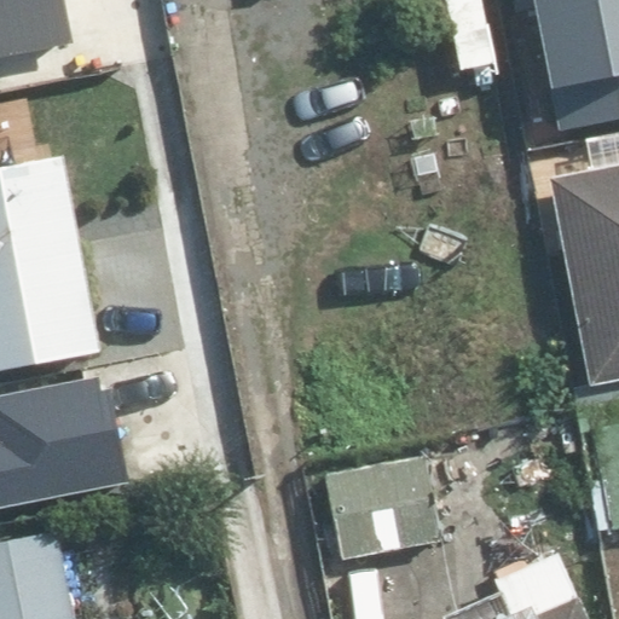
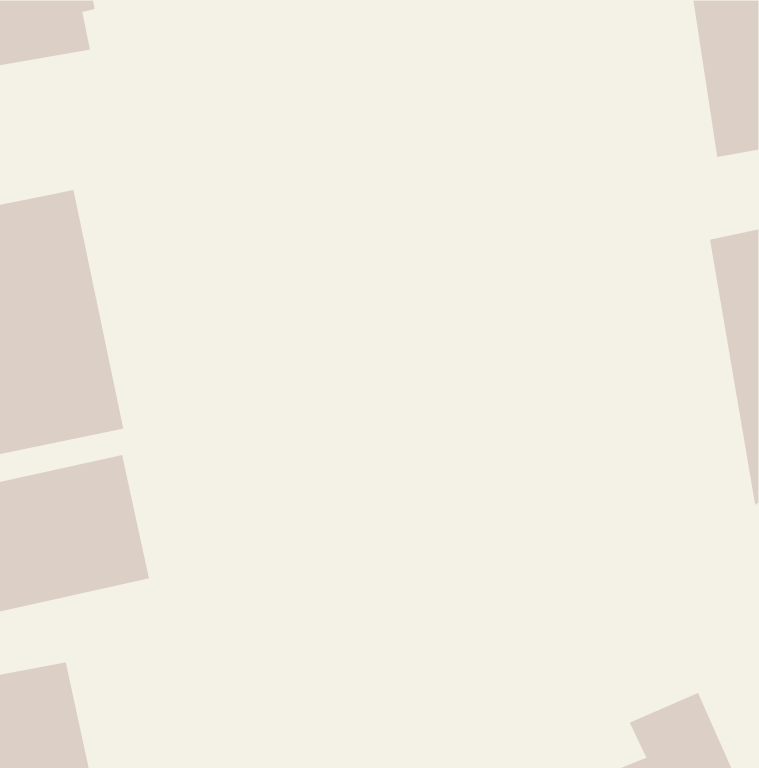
building: [325,461,438,565] -> none

